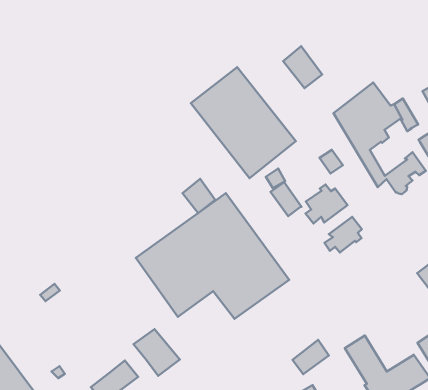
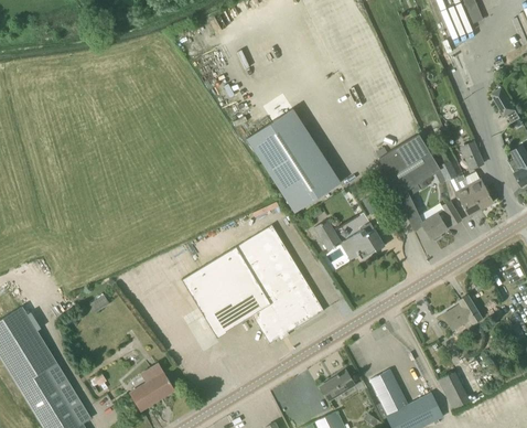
building: [283,46,322,88] -> none
building: [183,179,215,213] -> none
building: [324,217,362,252] -> none
building: [134,329,180,376] -> none

